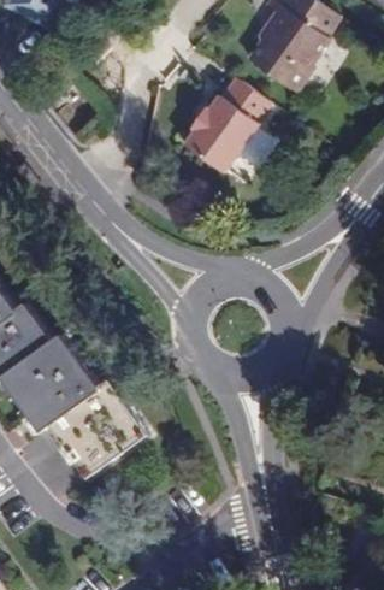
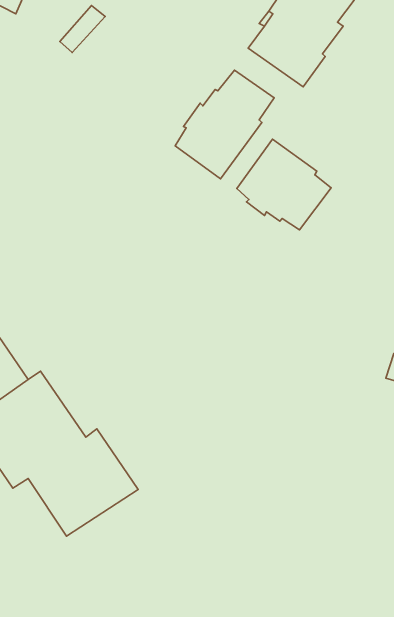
building: none -> [237,139,331,230]

